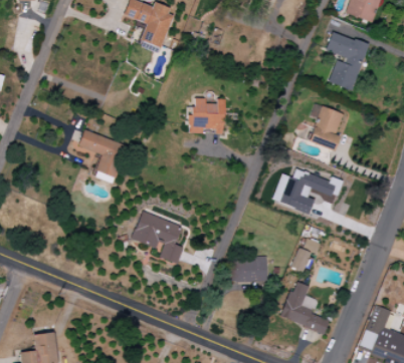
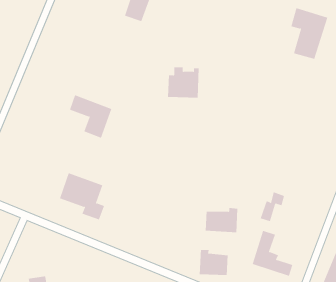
building: [310,104,343,149] -> none
building: [272,168,343,214] -> none
building: [133,211,184,264] -> [59,172,105,220]
building: none -> [199,249,228,276]

